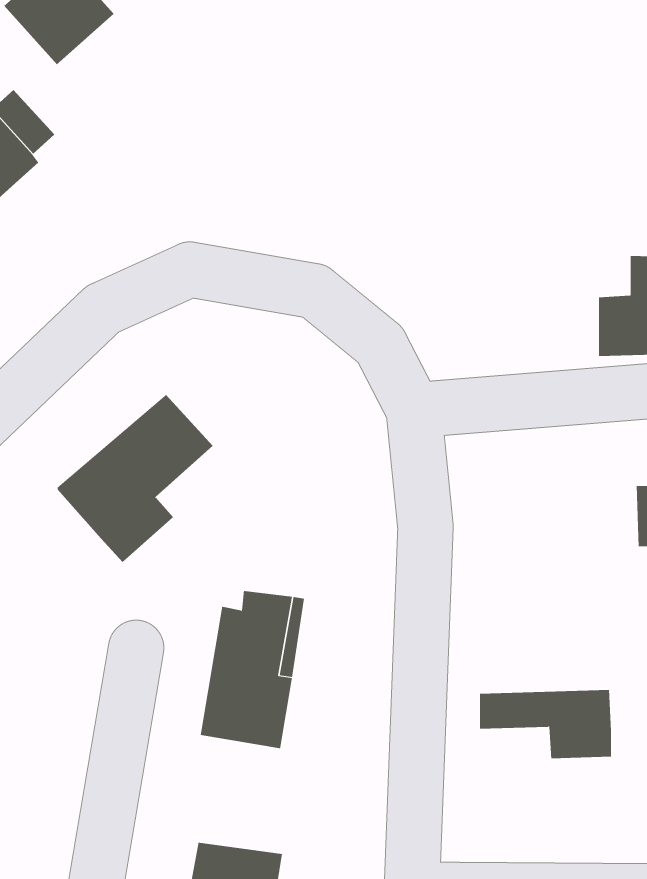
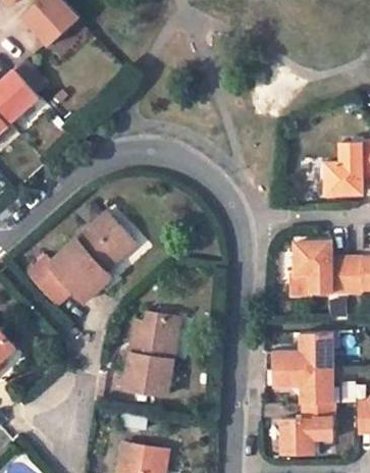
building: none -> [296,242,348,295]
building: none -> [25,258,71,306]
building: none -> [266,333,333,369]
building: none -> [284,402,335,456]

